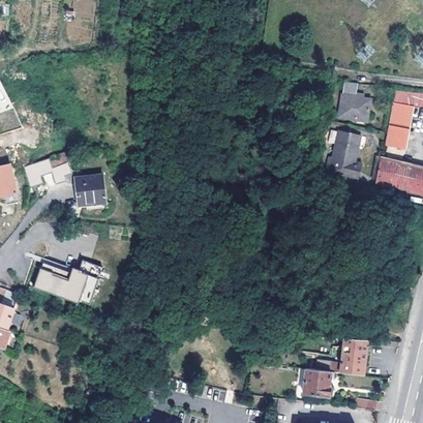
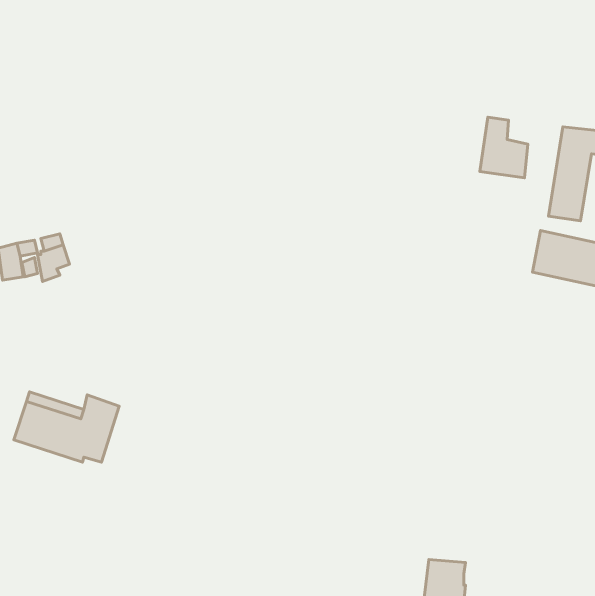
building: [325,130,360,178] -> none
building: [75,179,105,210] -> none
building: [339,338,366,374] -> none

